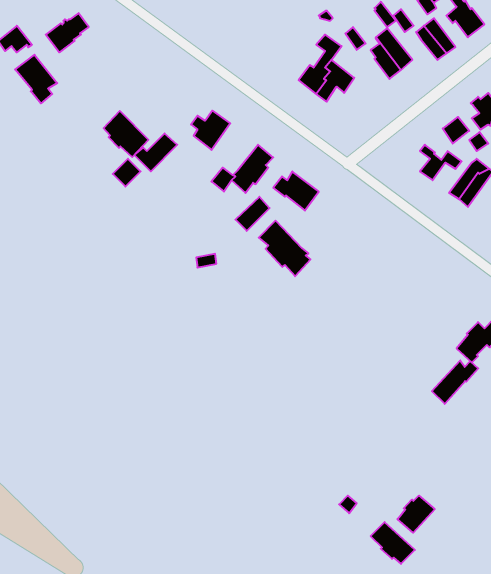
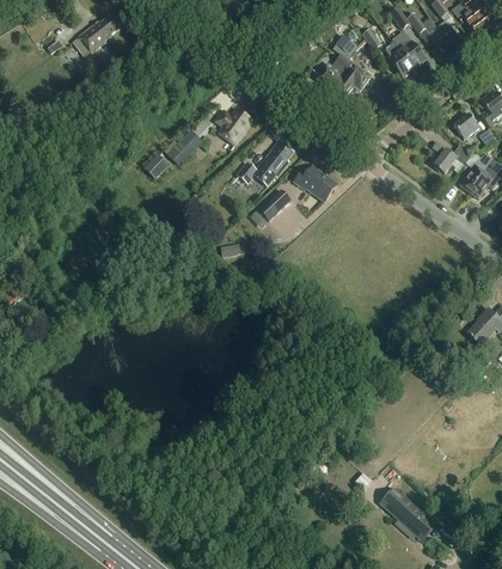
building: [15,55,57,103] -> none
building: [104,111,148,157] -> none
building: [259,221,310,276] -> none
building: [432,360,478,404] -> none
building: [397,496,435,533] -> none

